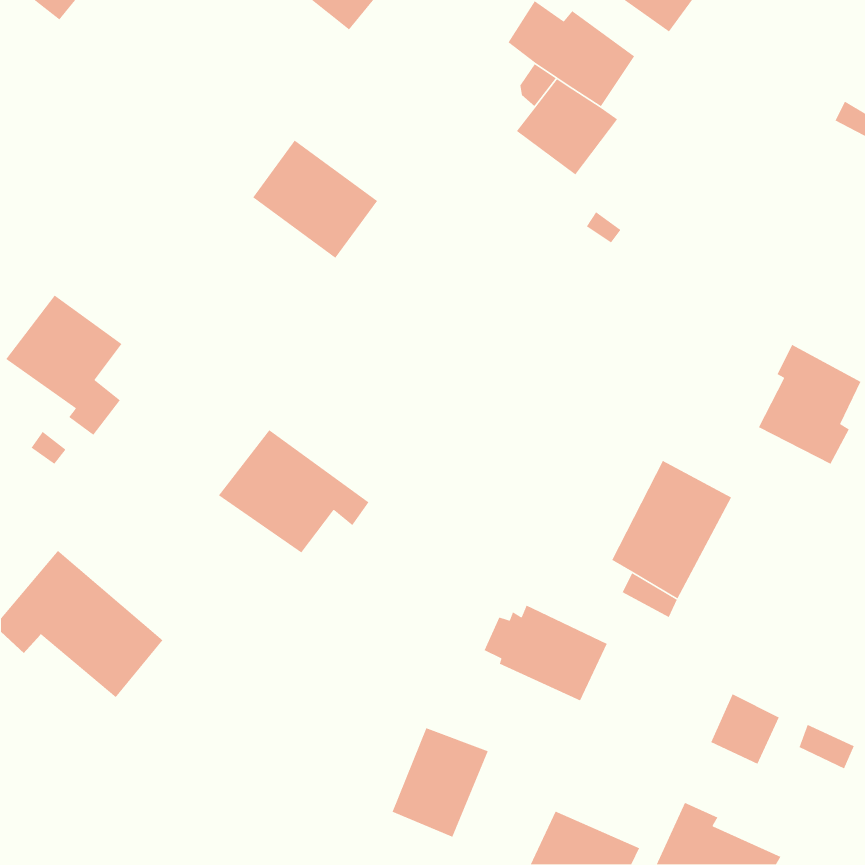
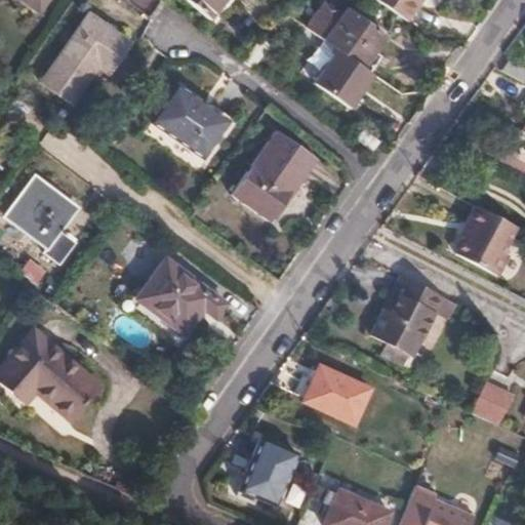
building: none -> [42,13,132,104]
building: none -> [235,127,322,220]
building: [710,693,780,765] -> [473,382,515,426]

